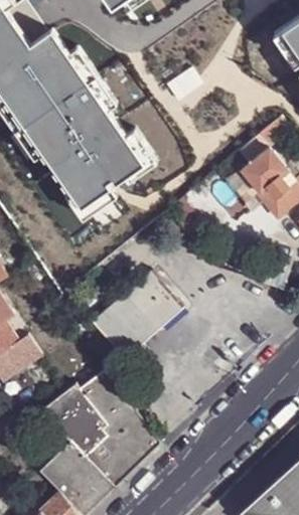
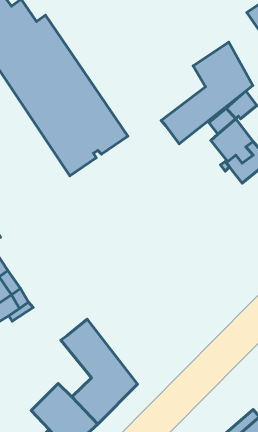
building: none -> [161,42,253,144]
building: [91,270,182,357] -> none
building: [39,382,107,457] -> none

